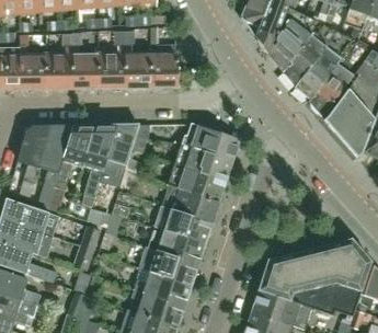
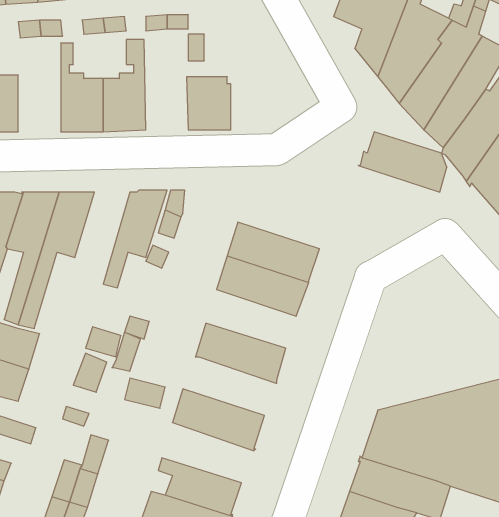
building: [124,31,151,87] -> none
building: [46,33,72,88] -> none
building: [182,123,237,160] -> [358,132,447,192]
building: [81,124,115,205] -> none
building: [162,185,218,221] -> none
building: [148,227,206,263] -> none
building: [135,267,192,305] -> none

